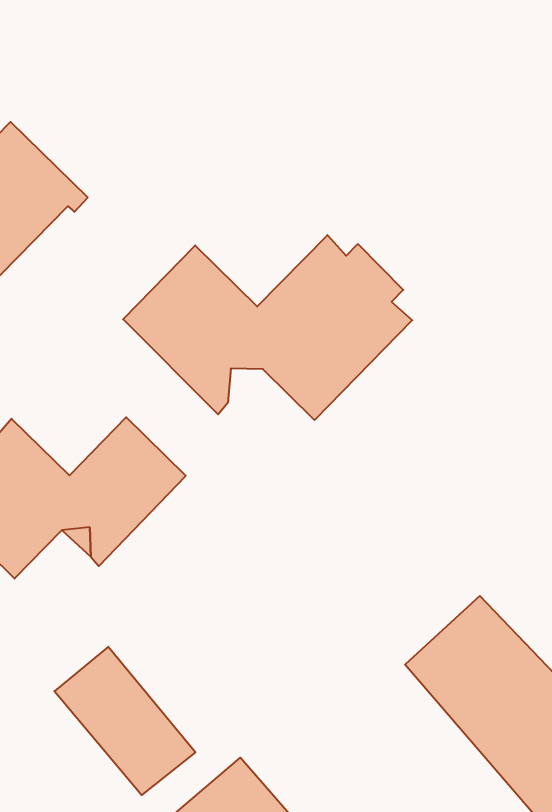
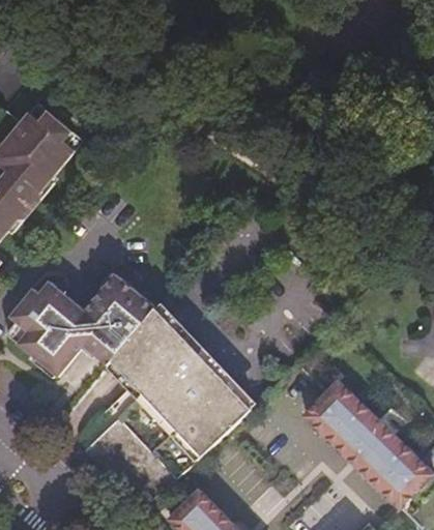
building: [123,235,412,420] -> none
building: none -> [111,310,251,458]

